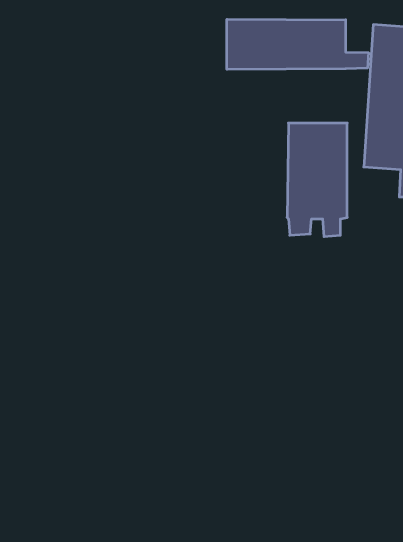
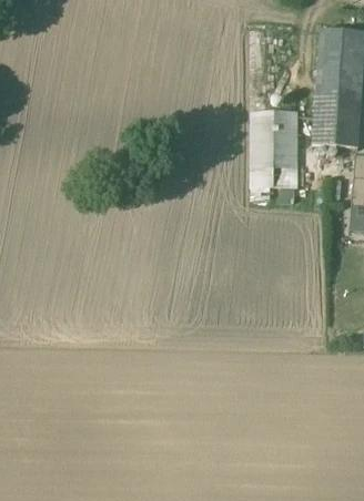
building: [227,19,368,69] -> none

